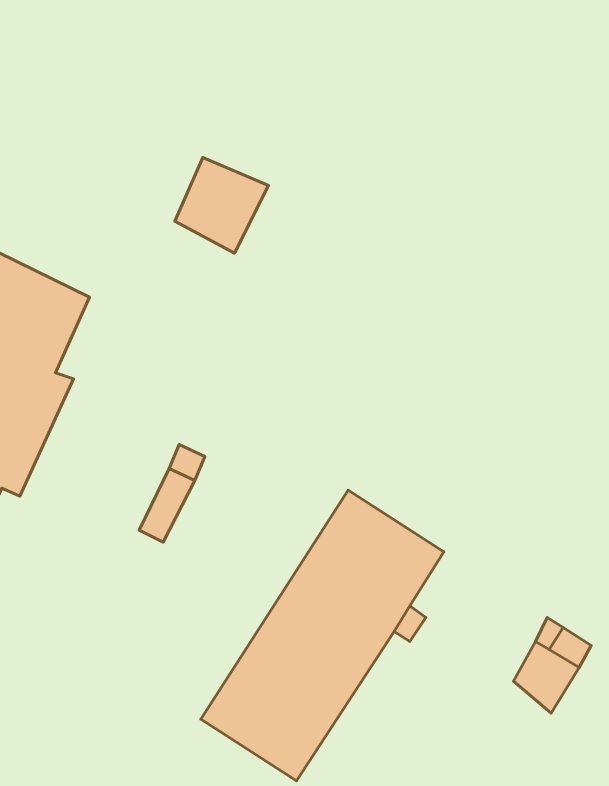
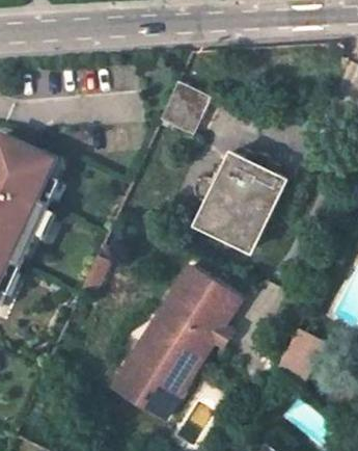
building: [175,158,269,253] -> [160,82,209,132]
building: none -> [194,151,284,249]

